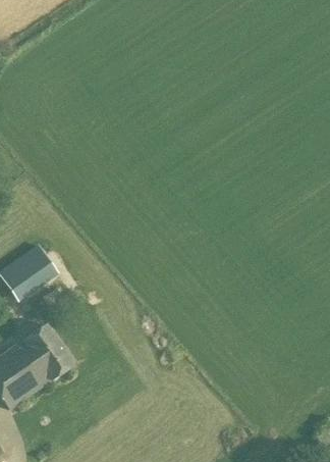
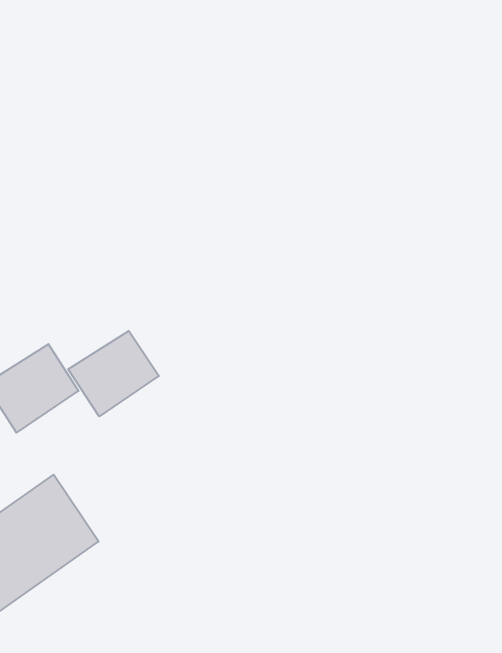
building: none -> [68,331,159,416]

